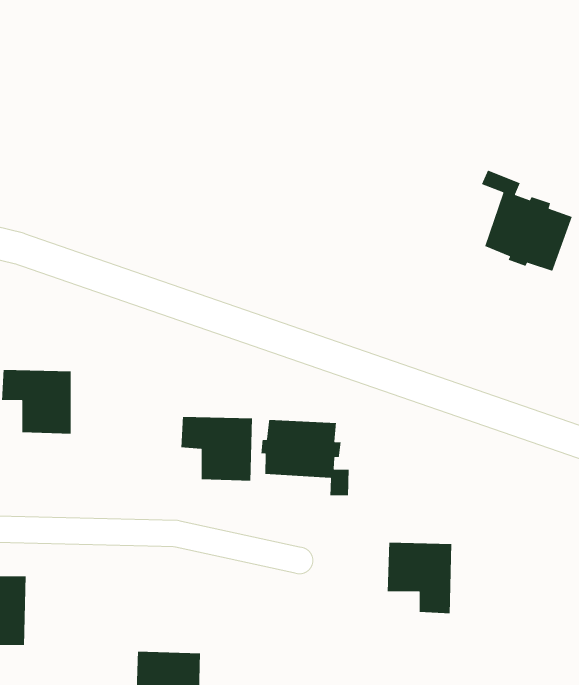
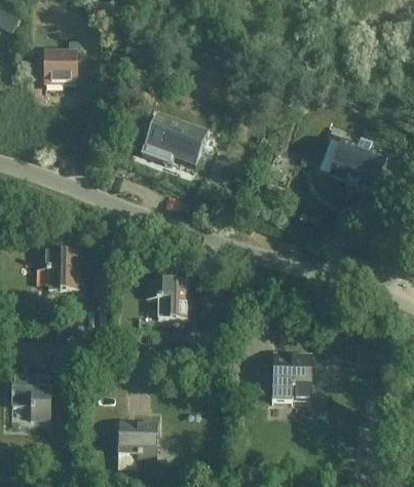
building: none -> [43,51,75,84]
building: none -> [141,113,208,164]
building: [261,419,349,496] -> none

